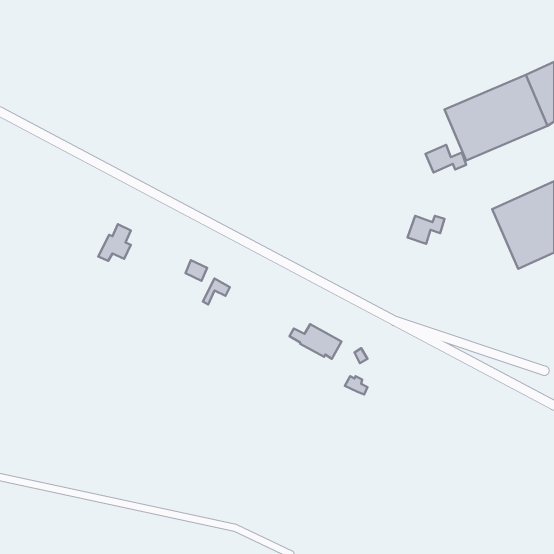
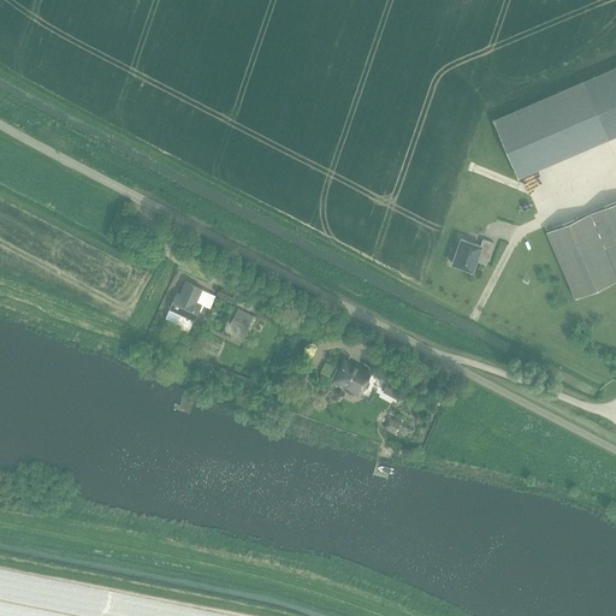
building: [425,145,466,172] -> none
building: [98,224,131,261] -> [165,282,201,322]

